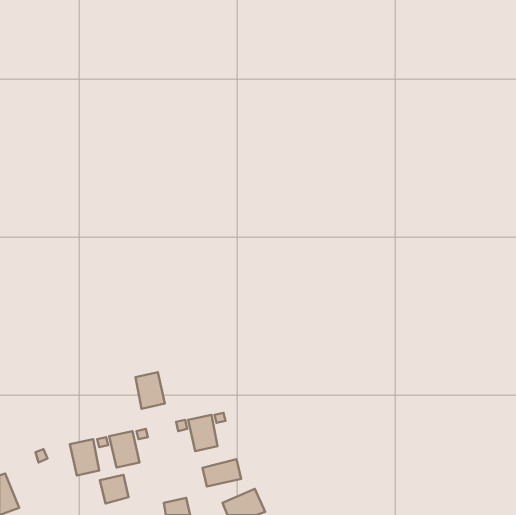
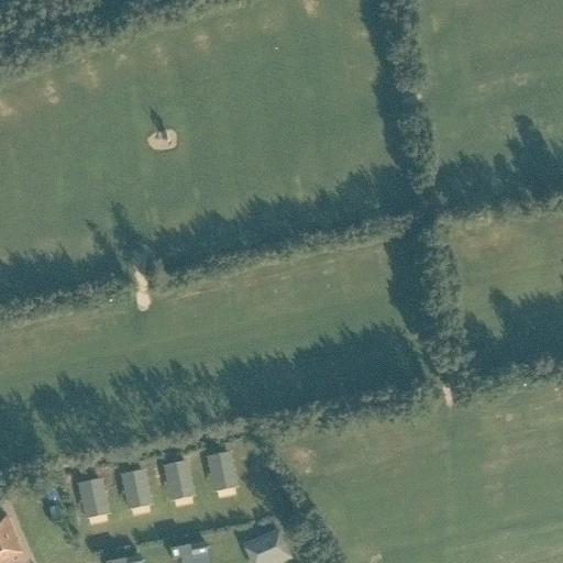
building: [136,372,165,409] -> [162,459,194,498]
building: [202,459,241,487] -> none
building: [100,475,129,504] -> none

